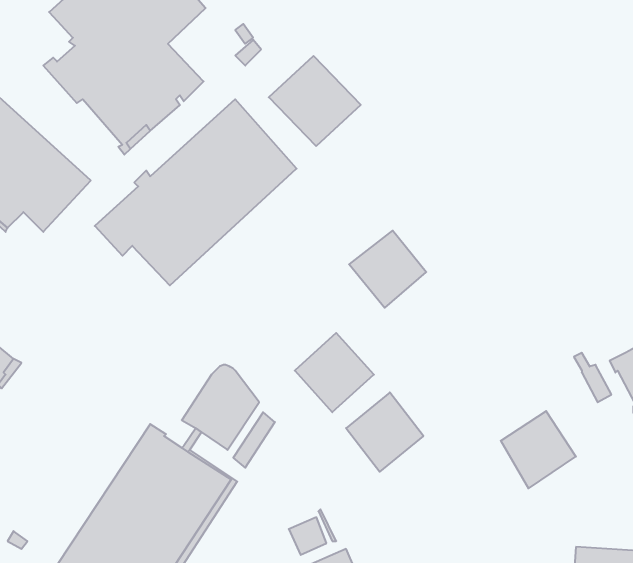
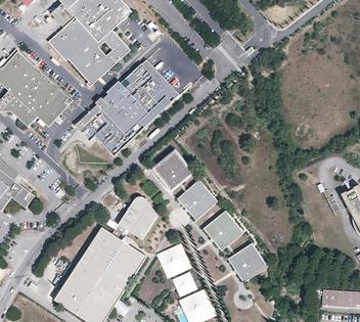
building: [269,56,361,146] -> none
building: [349,231,426,308] -> [153,150,193,190]
building: [501,411,576,488] -> [228,242,267,282]
building: none -> [159,245,188,275]

